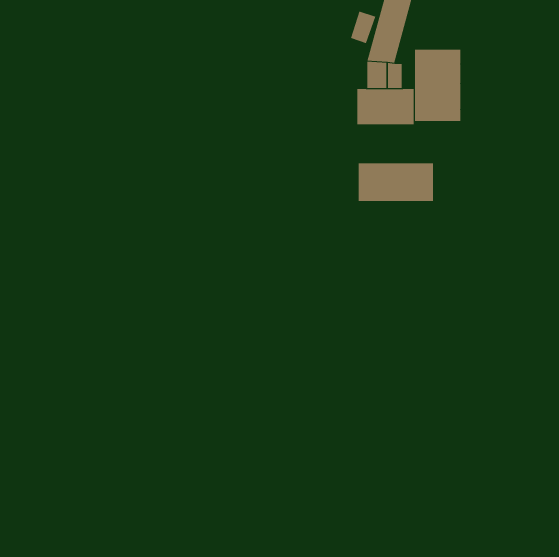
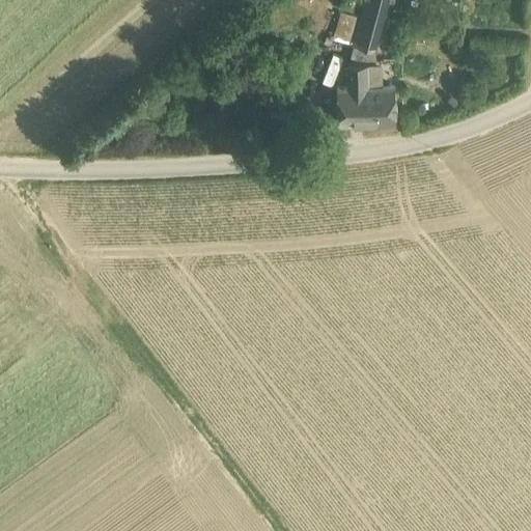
building: [415,49,461,122] -> none
building: [358,162,434,202] -> none

